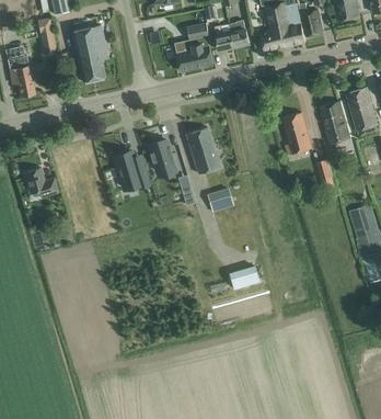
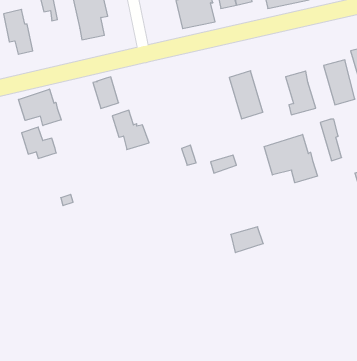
building: [186,126,219,173] -> [229,71,263,119]
building: none -> [19,89,61,126]
building: [149,139,174,170] -> [93,77,119,108]
building: none -> [264,134,318,183]

